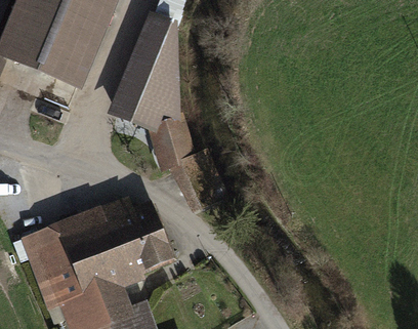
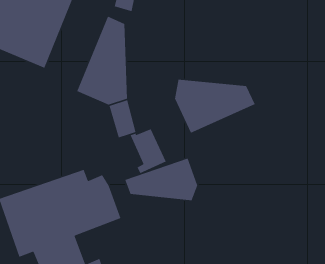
building: none -> [174,79,256,134]
building: none -> [124,158,198,201]

